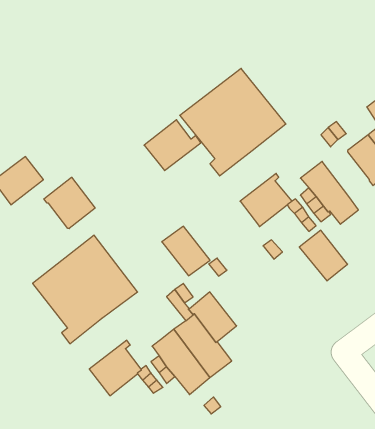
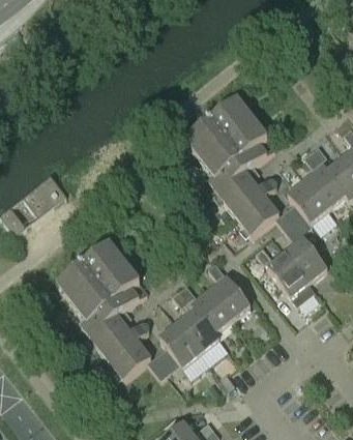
building: [144,120,201,171] -> [217,169,266,212]
building: none -> [305,164,346,208]
building: [44,177,95,229] -> none
building: [162,226,210,276] -> [209,276,251,319]
building: none -> [268,252,316,303]
building: none -> [89,313,138,356]

